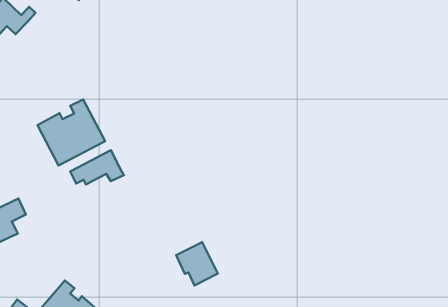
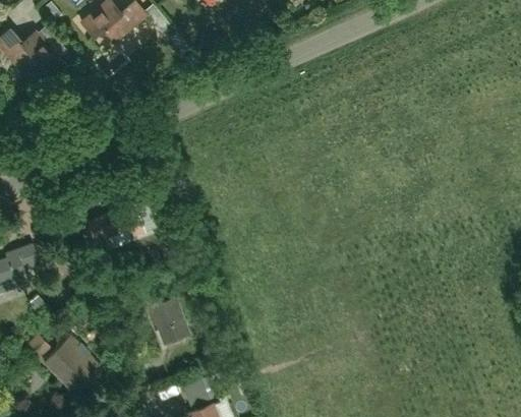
building: [38,99,105,165] -> none
building: [176,242,218,286] -> [147,298,188,343]

